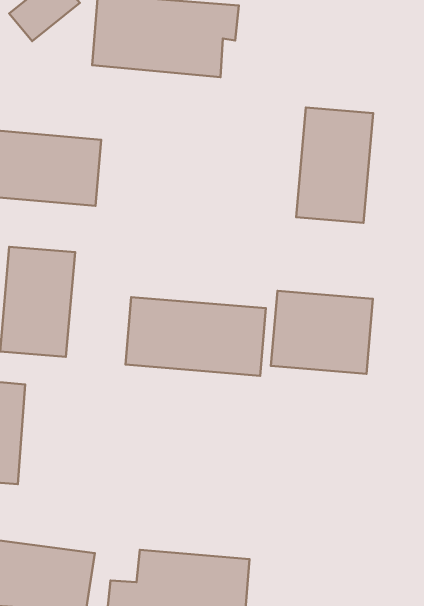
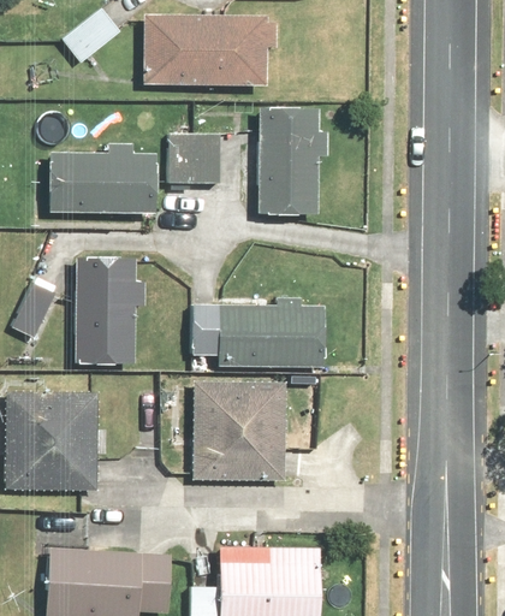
building: [296,108,373,223] -> [252,111,320,218]
building: none -> [170,128,222,184]
building: [271,291,373,374] -> none
building: none -> [189,380,290,482]

